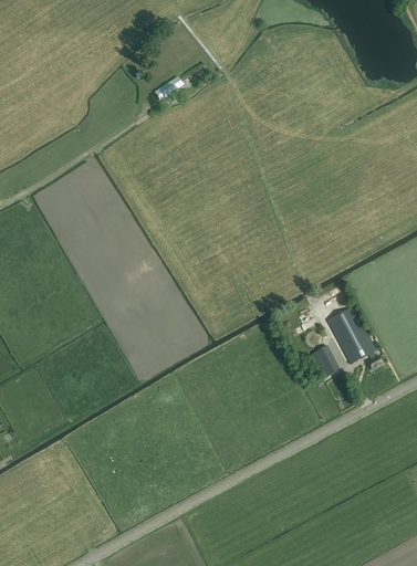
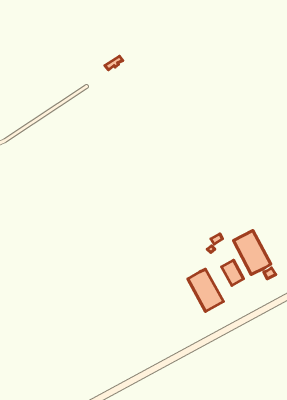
building: none -> [188,269,223,311]

